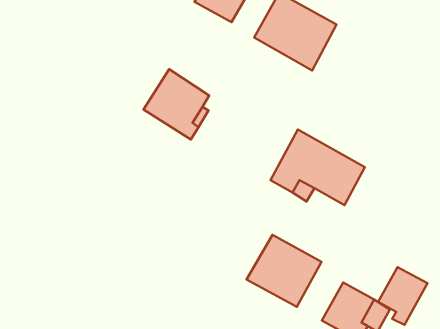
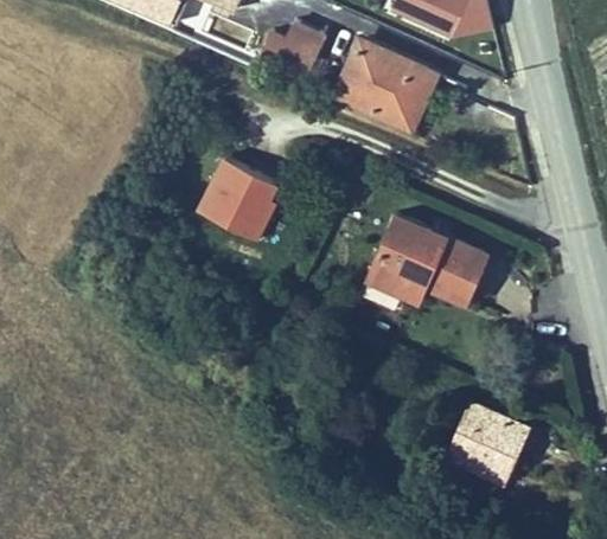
building: [247,235,322,307] -> none
building: [378,267,427,325] -> none

